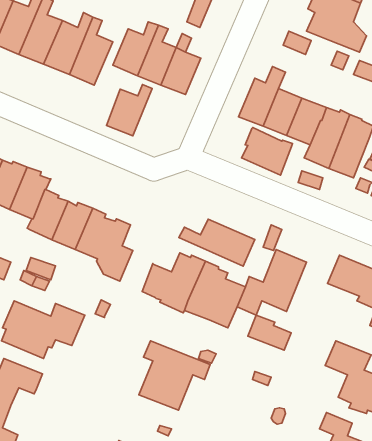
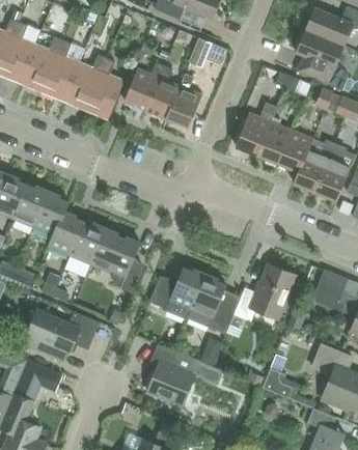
building: [106,84,152,136] -> none
building: [241,127,293,175] -> none
building: [179,219,255,266] -> none
building: [248,315,291,350] -> [261,368,300,399]

